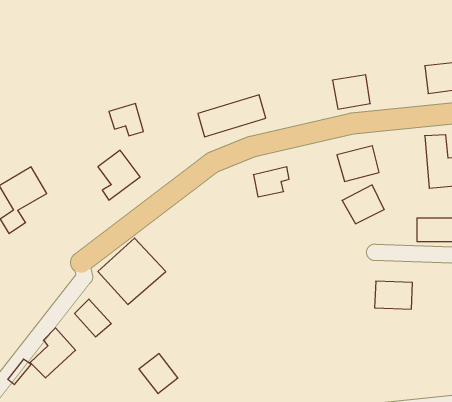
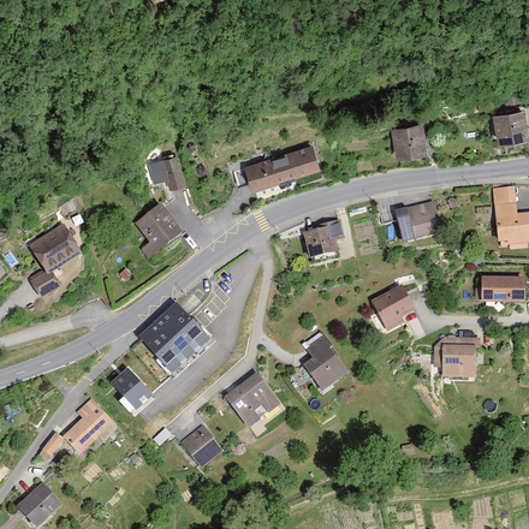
building: [342,185,384,224] -> [372,287,417,329]
building: none -> [304,335,346,392]
building: none -> [224,373,279,428]

